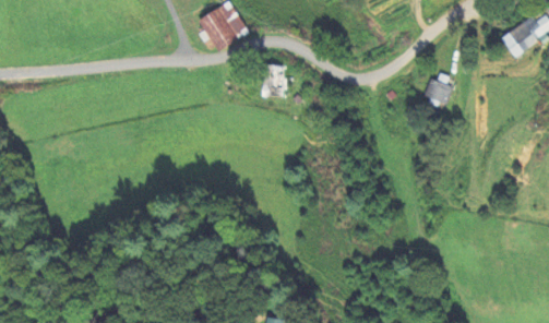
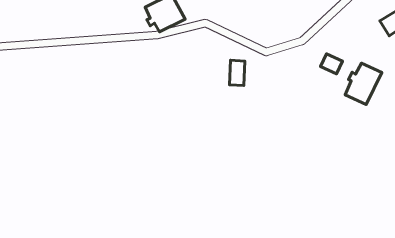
building: [263,63,283,96] -> [230,60,245,86]
building: none -> [345,63,382,105]

